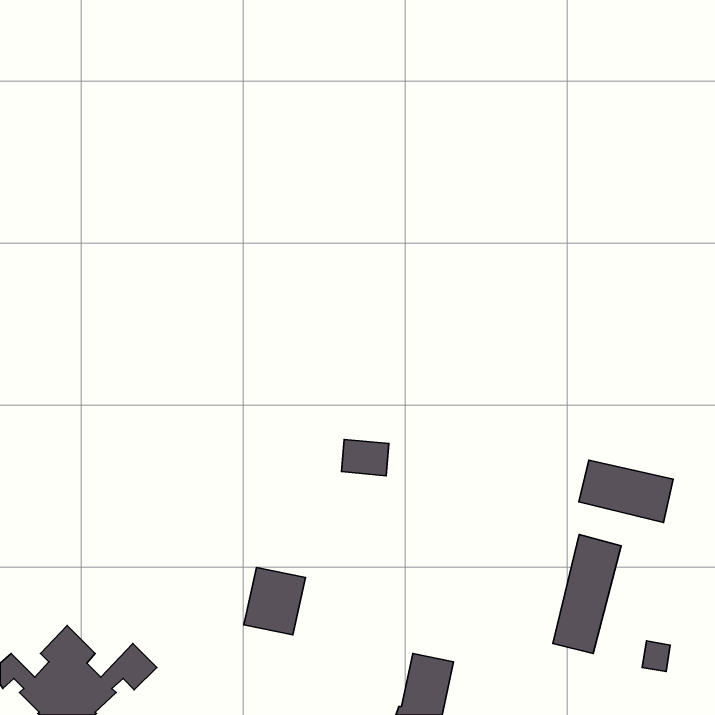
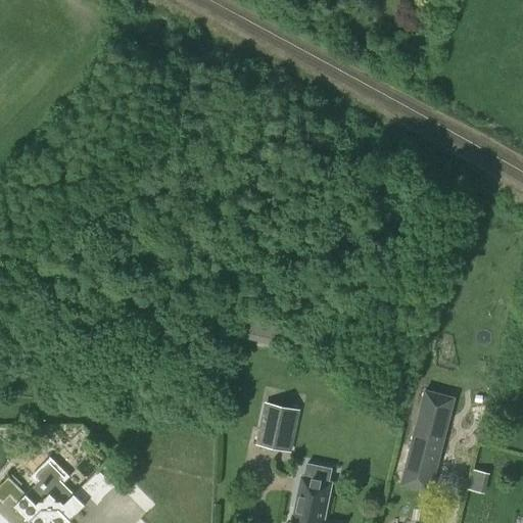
building: [579,460,673,522] -> none
building: [244,568,306,635] -> [255,402,300,451]

